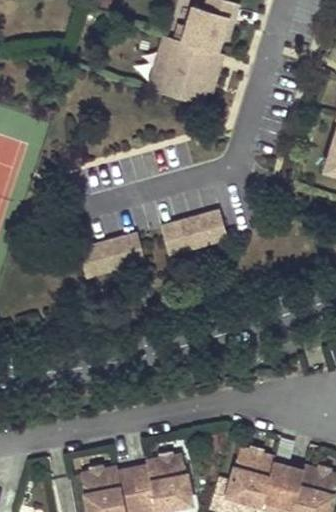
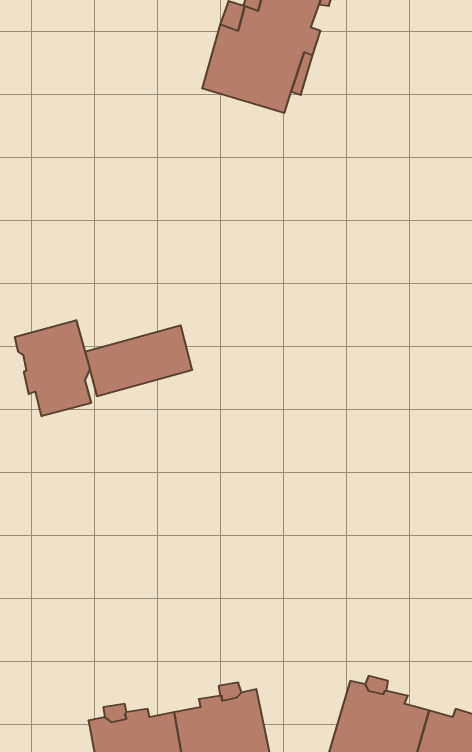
building: [161,211,227,254] -> none
building: none -> [15,320,91,416]

